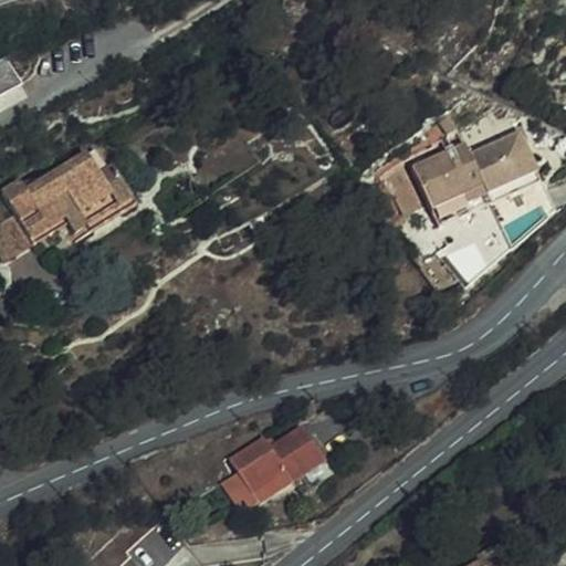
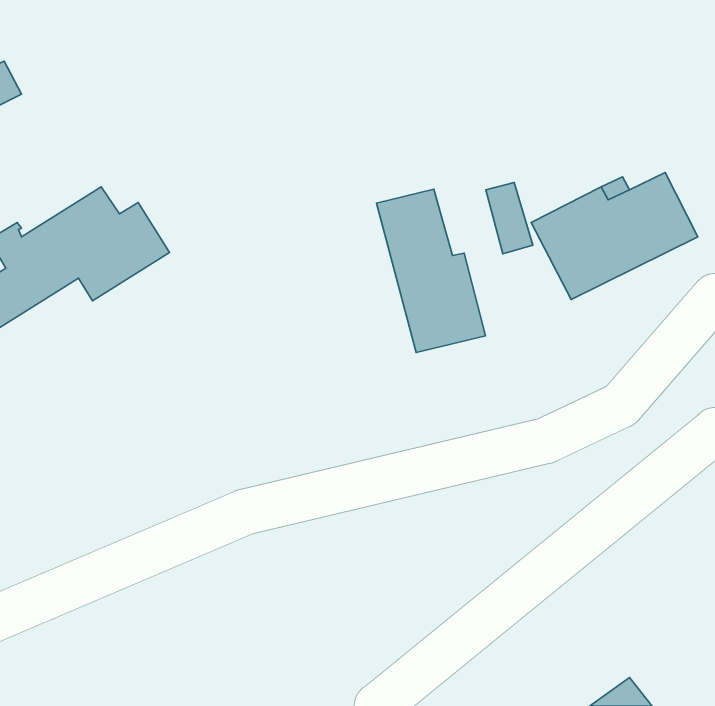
building: none -> [377,189,485,353]
building: [226,432,323,506] -> none

